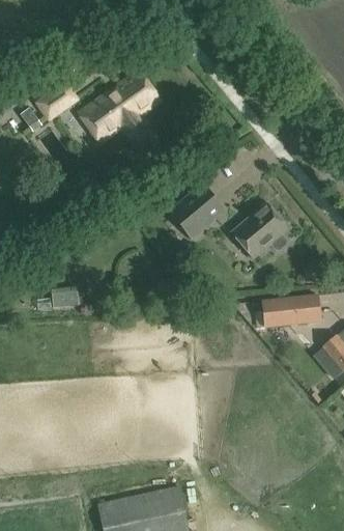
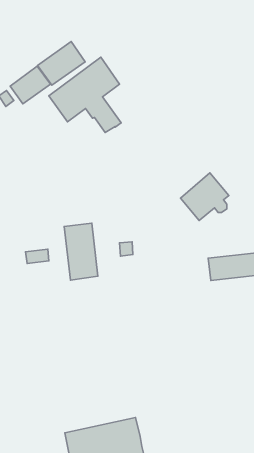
building: none -> [37,42,85,85]
building: [169,183,227,240] -> none
building: none -> [64,223,98,280]

